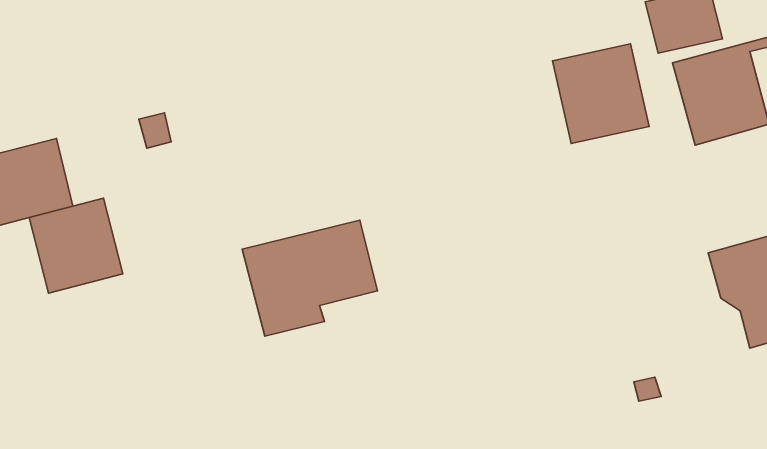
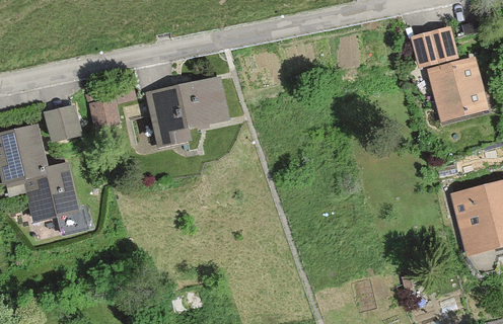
building: [553,44,649,143] -> none
building: none -> [47,101,85,141]
building: [242,220,378,336] -> [147,73,232,146]

